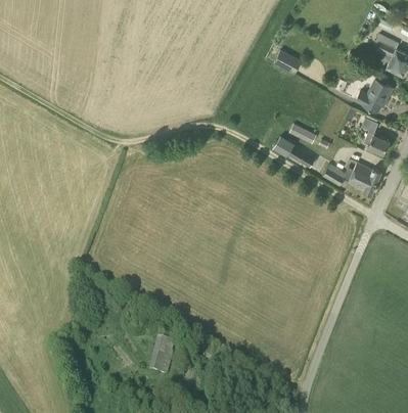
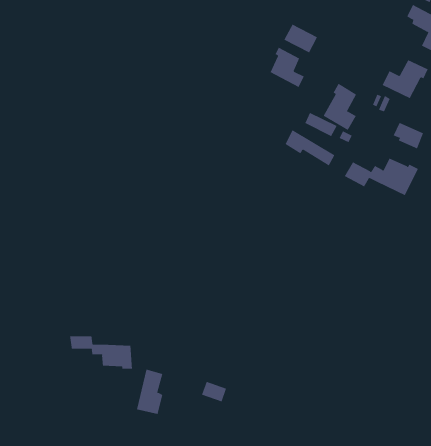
building: none -> [270,47,305,88]
building: none -> [323,83,357,131]
building: none -> [69,336,132,370]

